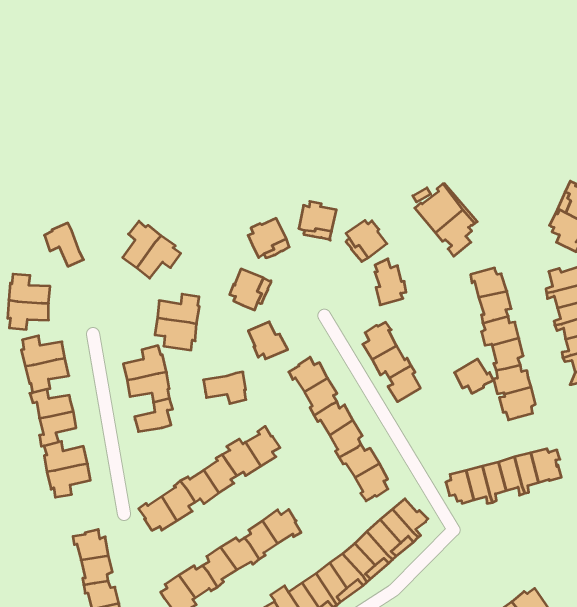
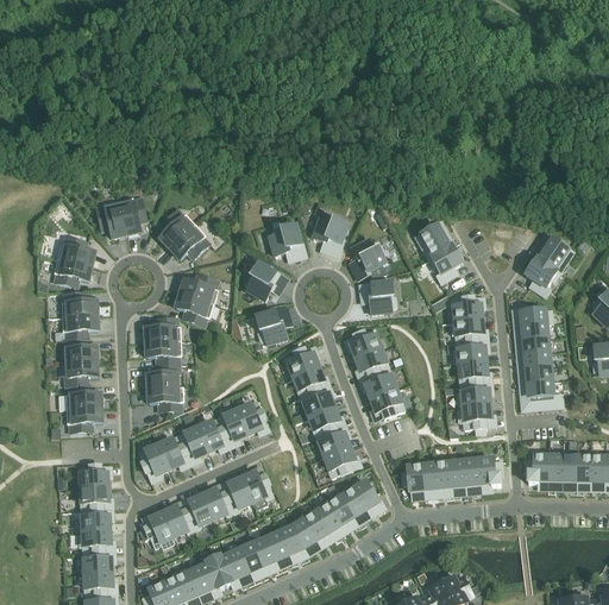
building: none -> [118,195,144,232]
building: [454,359,494,393] -> [372,387,404,416]
building: [203,372,246,404] -> [149,384,183,409]

